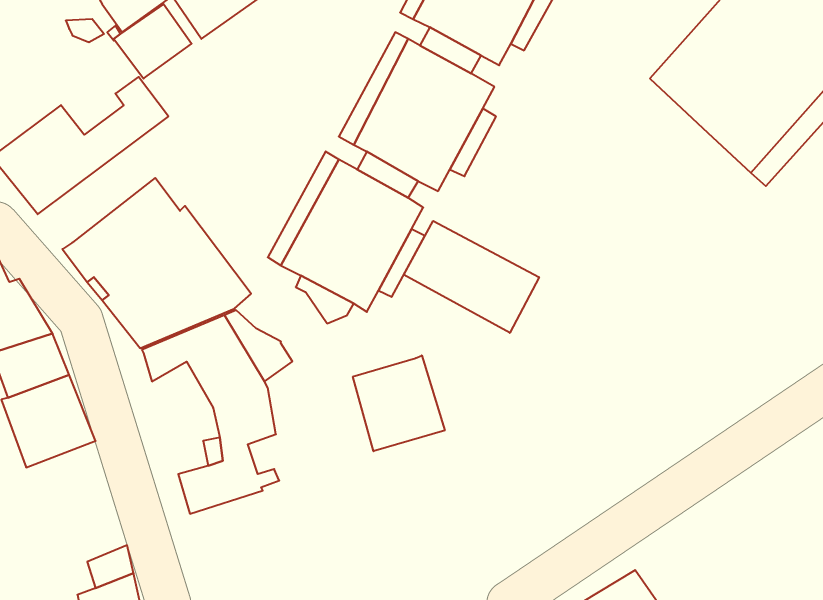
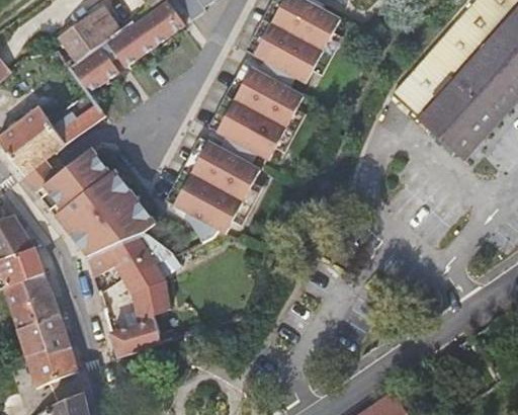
building: none -> [24,147,96,191]
building: [404,221,539,333] -> none
building: [353,355,445,451] -> none
building: none -> [17,313,78,388]

